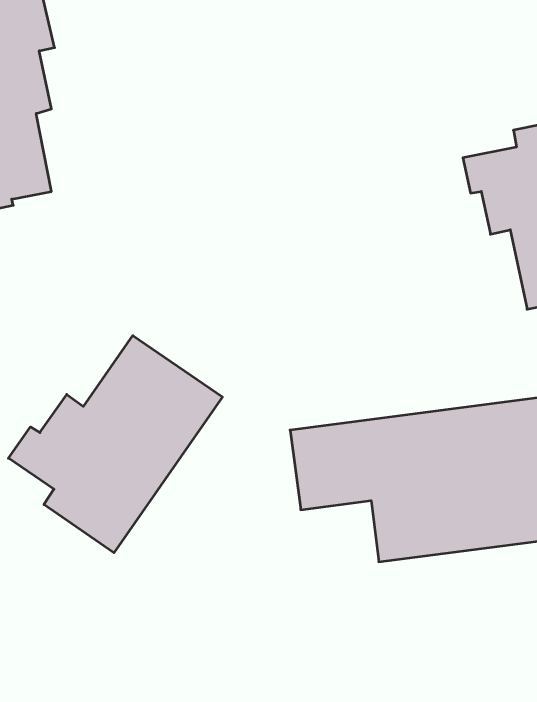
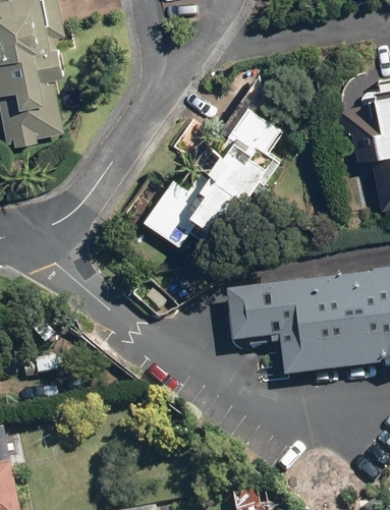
building: none -> [143,104,284,244]
building: [8,336,222,553] -> none

